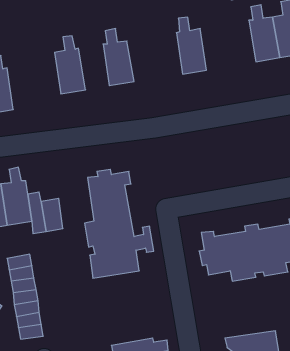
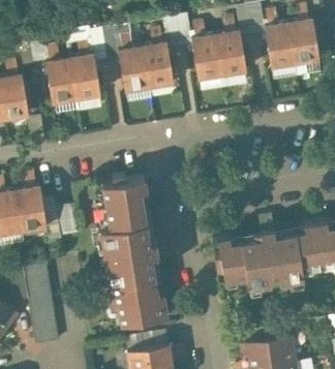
building: none -> [215,20,246,78]
building: none -> [142,31,174,89]
building: none -> [44,49,75,104]
building: none -> [108,278,166,328]

